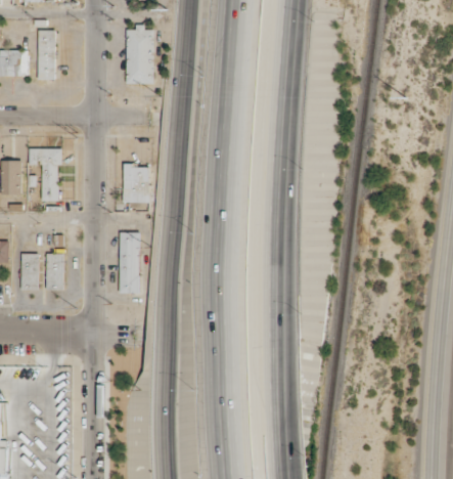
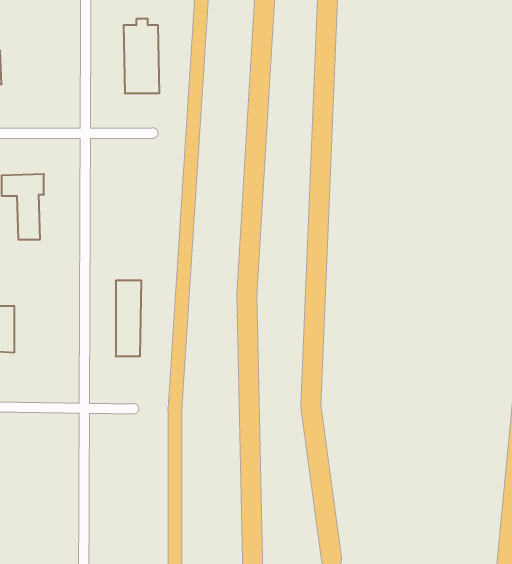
building: [37,30,56,79] -> none
building: [124,163,149,203] -> none
building: [46,253,64,290] -> none

